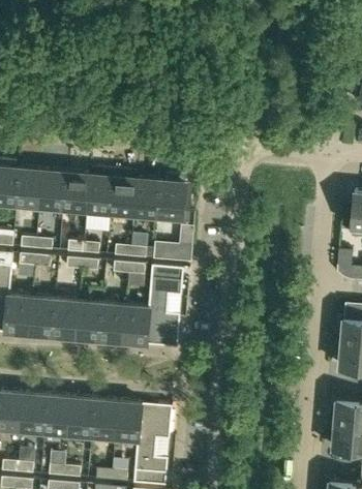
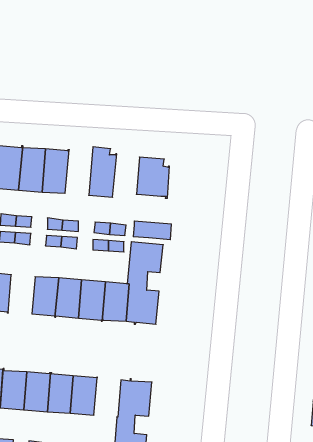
building: [85,167,113,217] -> none
building: [132,176,159,221] -> none
building: [28,297,55,336] -> none
building: [114,399,141,439] -> none

